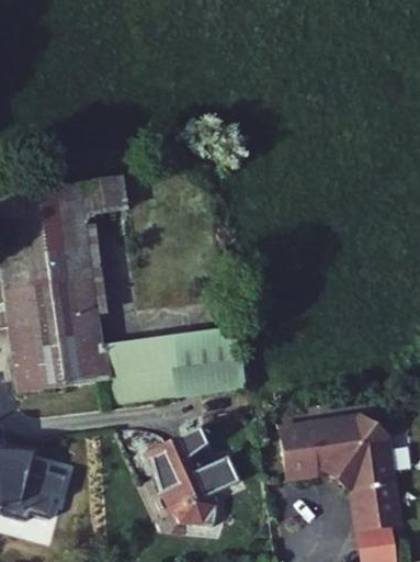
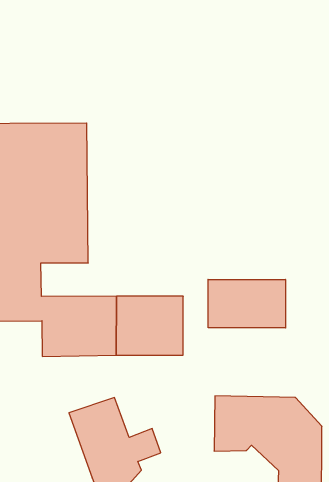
building: none -> [208,279,286,328]

